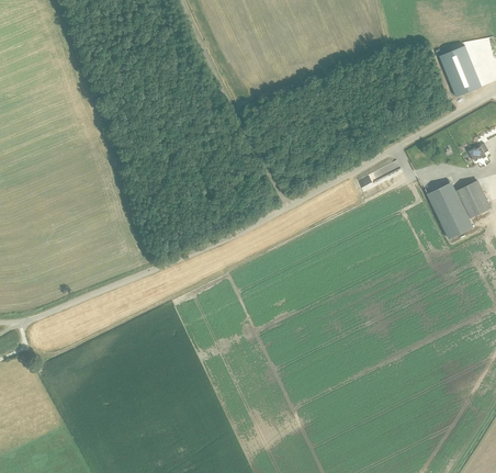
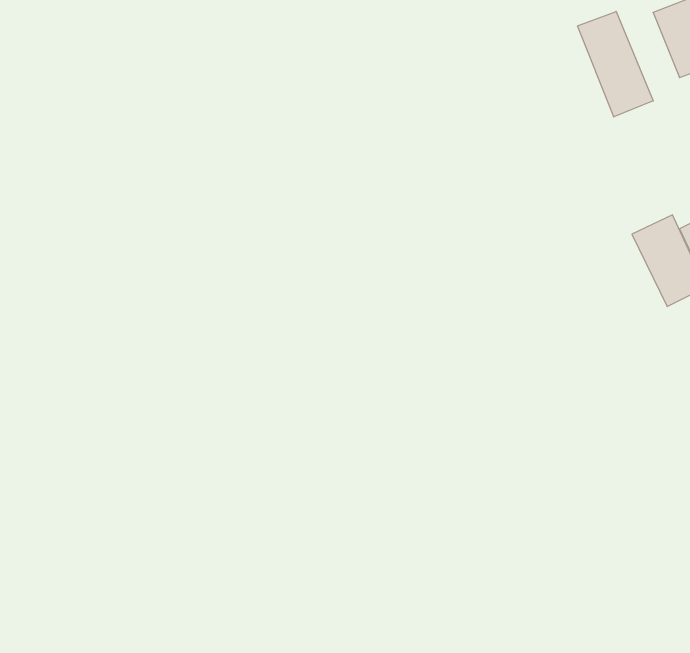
building: none -> [578,11,653,117]

